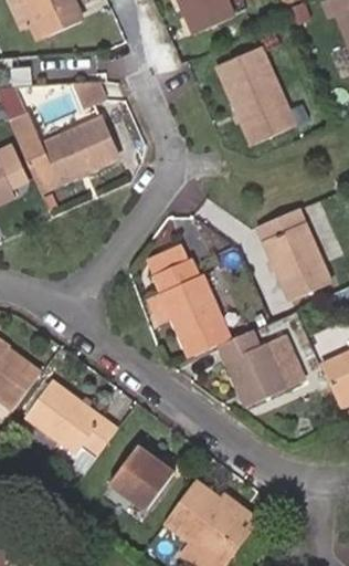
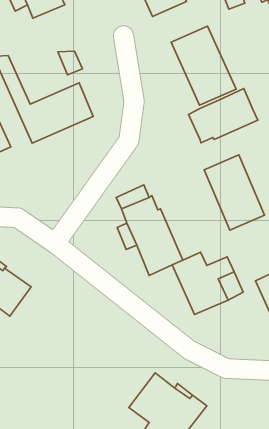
building: none -> [188,88,258,143]
building: [24,379,117,471] -> none
building: [109,444,174,512] -> none

